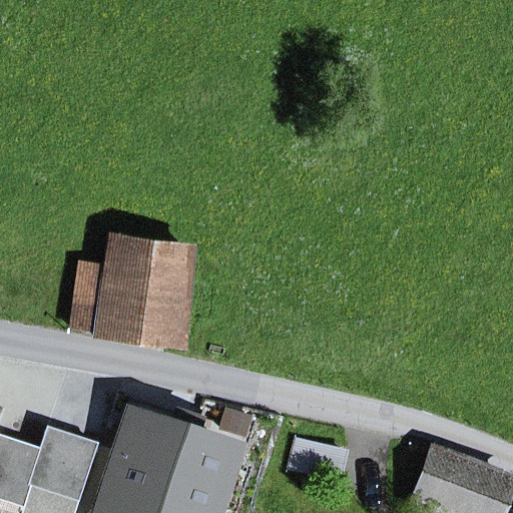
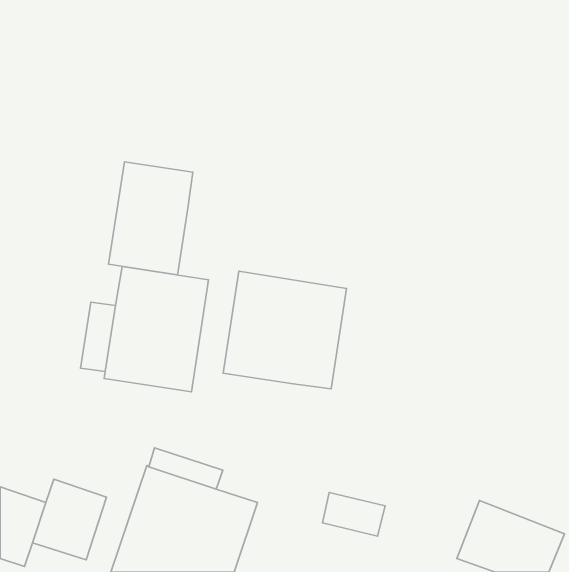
building: none -> [108,162,193,275]
building: none -> [223,271,346,389]

